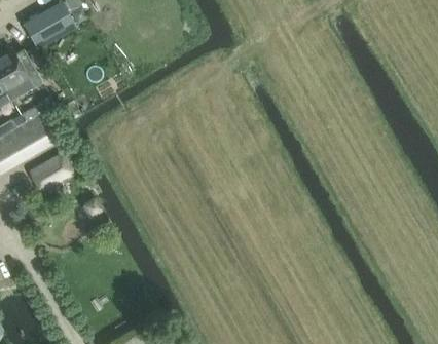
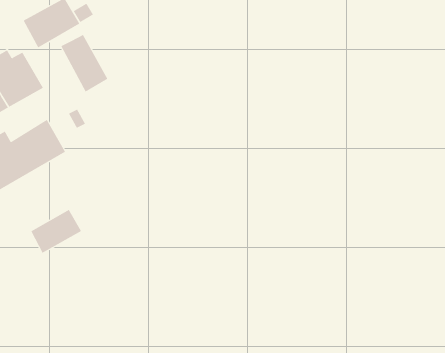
building: none -> [61,34,108,92]
building: [28,152,73,191] -> [31,209,82,253]

